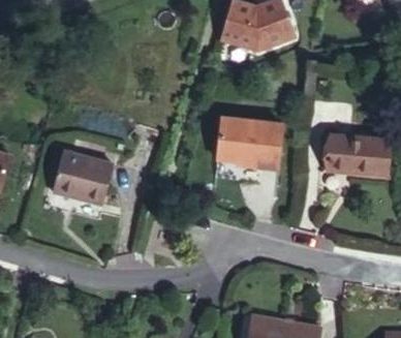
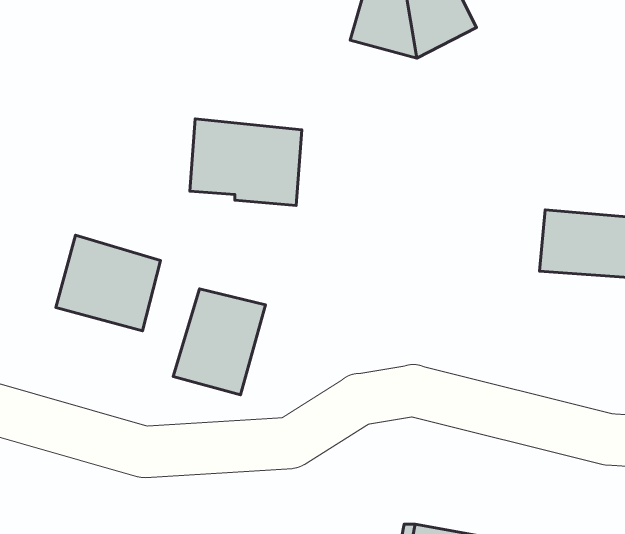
building: [221,116,285,165] -> [190,119,302,205]
building: none -> [173,289,265,395]

